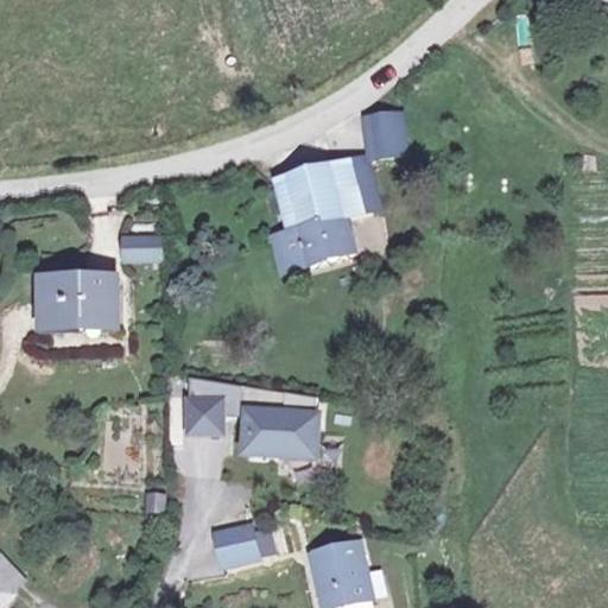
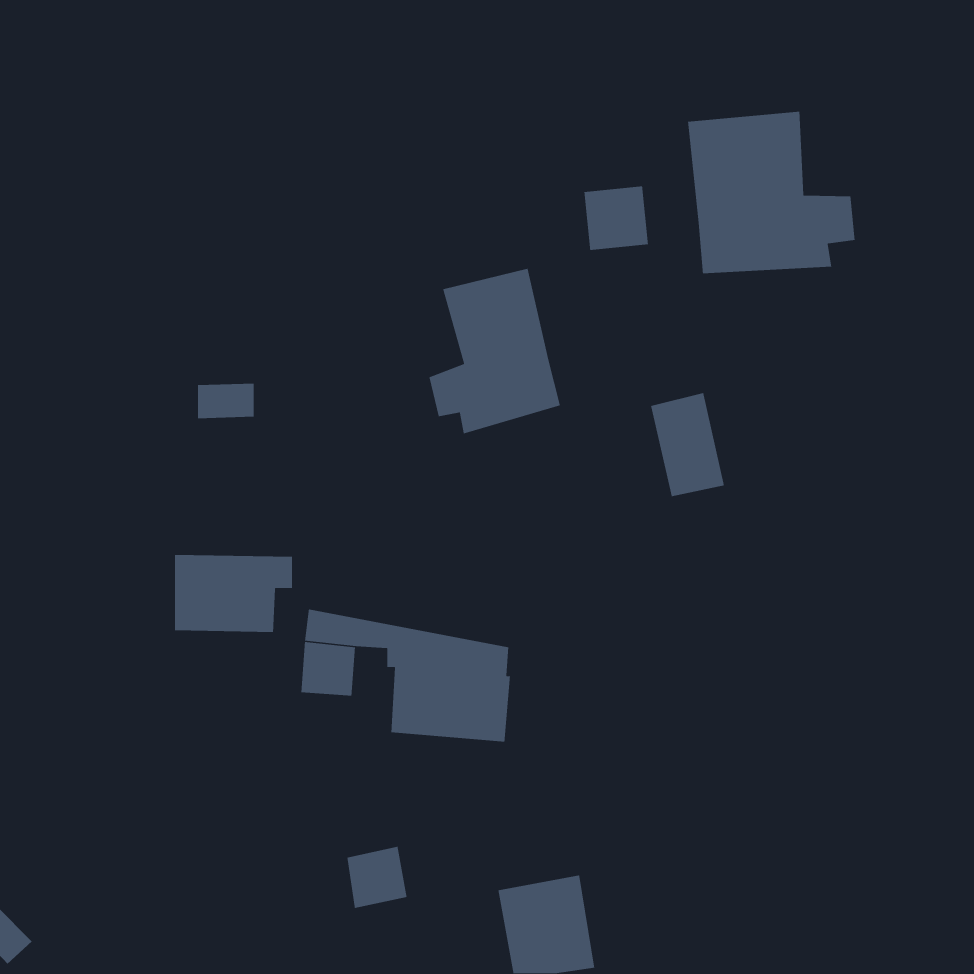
building: none -> [687,111,856,274]
building: [328,158,374,223] -> [650,392,725,497]
building: [42,278,115,327] -> [174,554,293,633]

